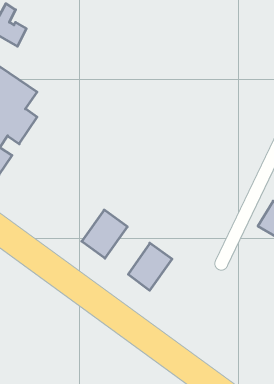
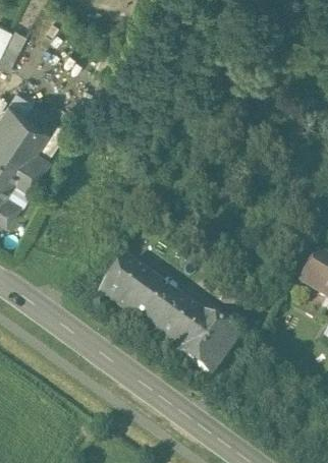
building: none -> [127,277,178,331]
building: none -> [177,312,237,373]

